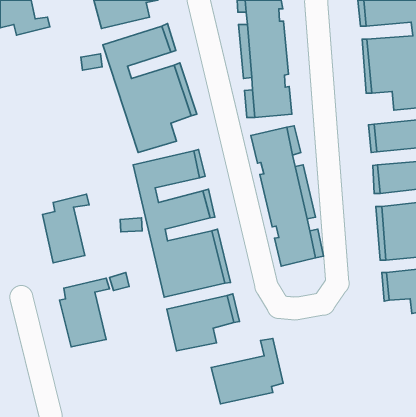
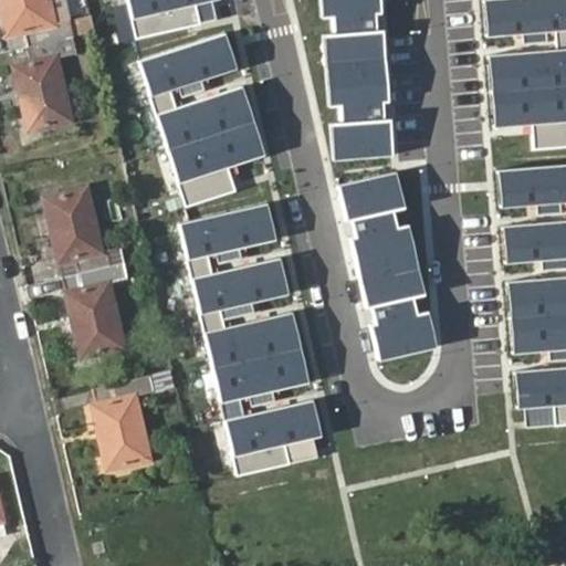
building: none -> [10,36,73,132]
building: none -> [38,188,119,274]
building: [211,338,283,404] -> none

